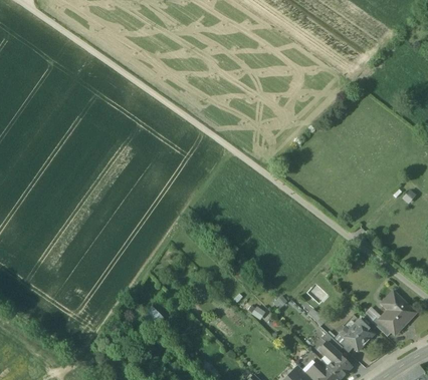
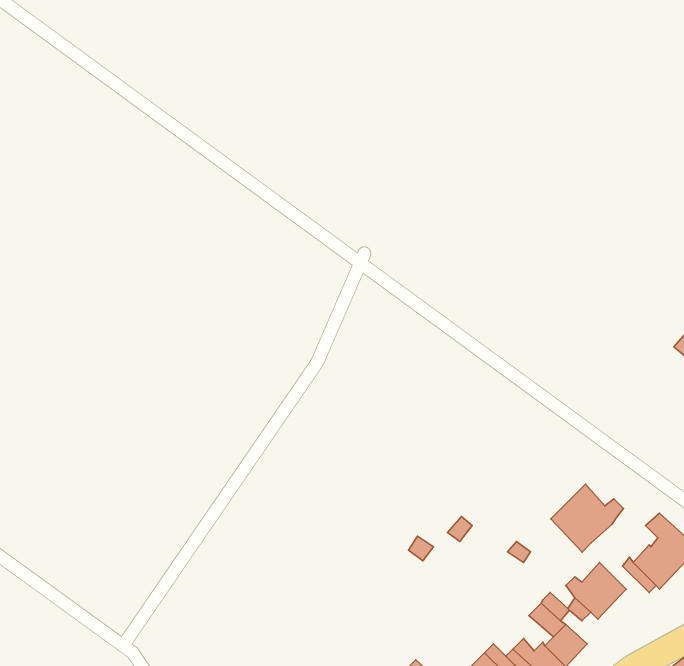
building: none -> [551,484,624,552]

